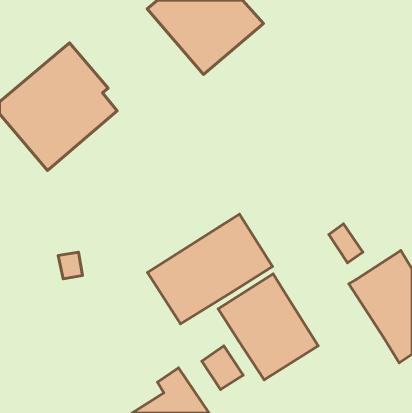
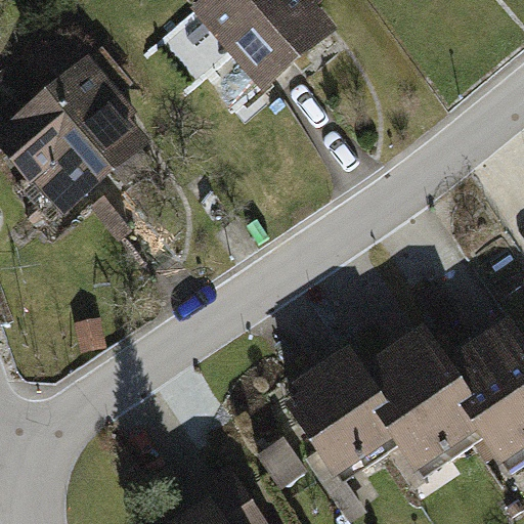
building: [148,214,273,324] -> none
building: none -> [358,326,486,468]

